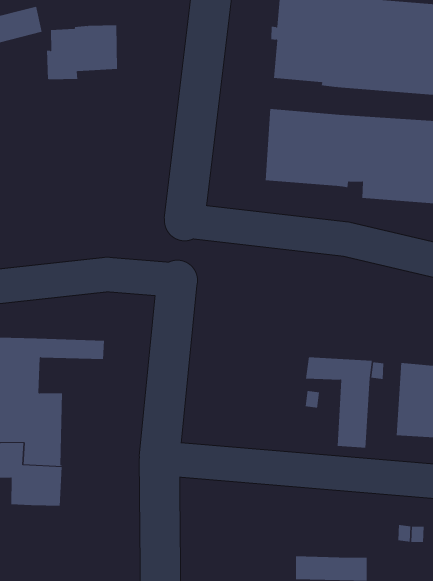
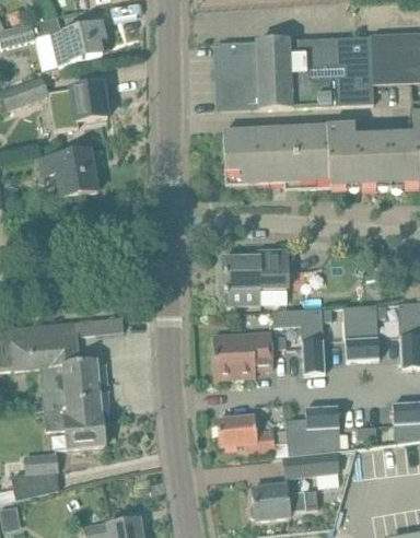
building: none -> [38,149,97,197]
building: none -> [222,249,288,304]
building: none -> [212,332,272,378]
building: none -> [284,406,339,455]
building: none -> [217,416,275,453]

